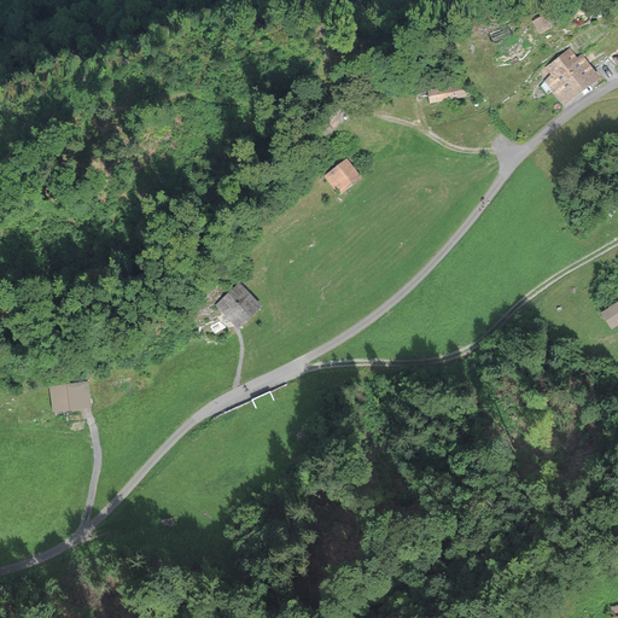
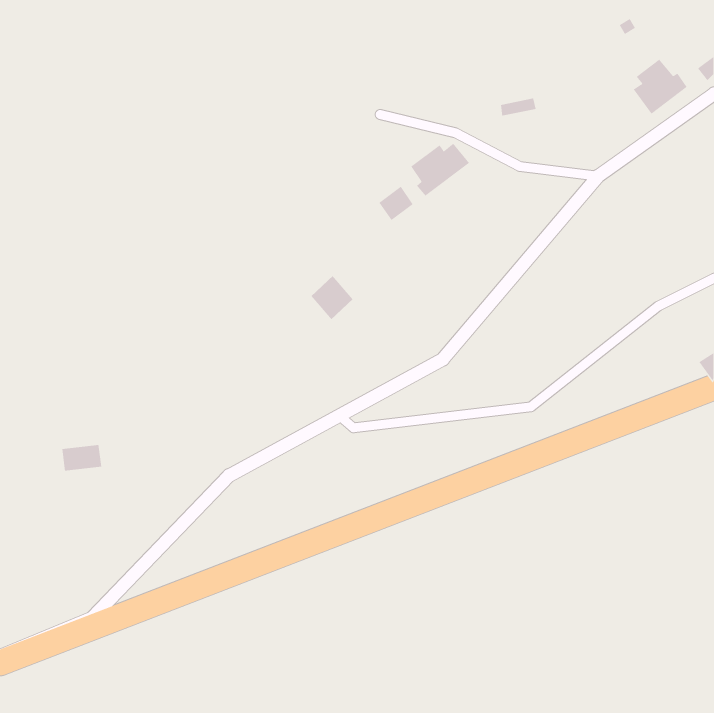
building: none -> [411,143,470,196]
building: [218,285,256,323] -> [310,275,354,320]

